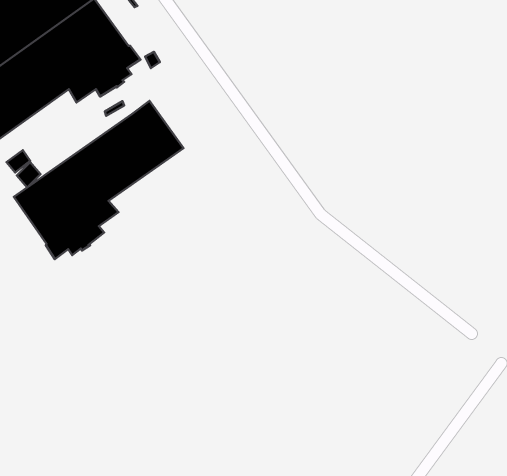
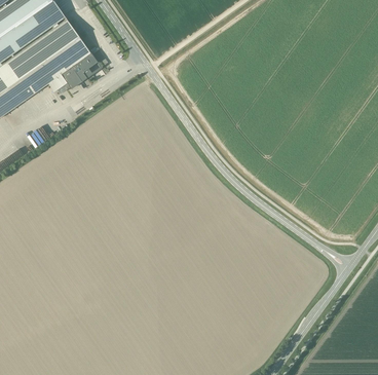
building: [14,101,183,259] -> none

